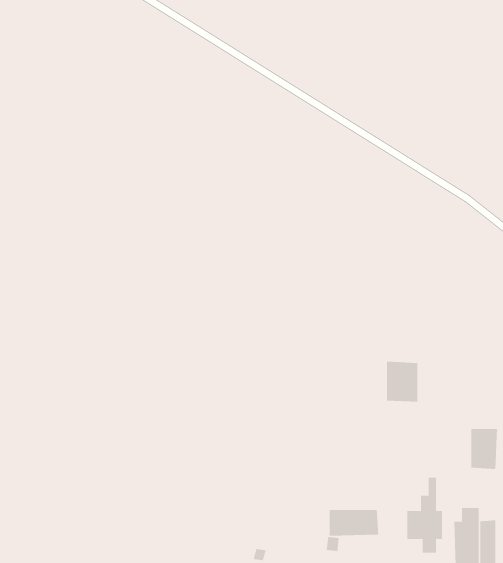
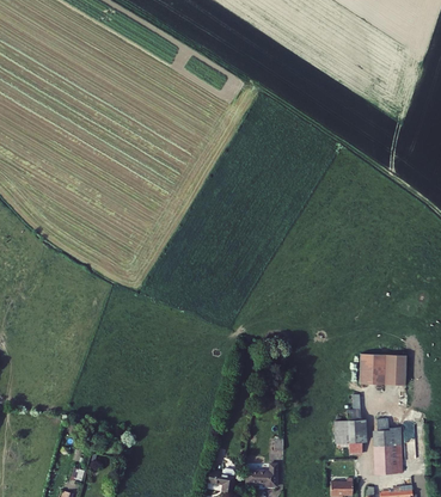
building: [386,361,418,402] -> [361,354,386,386]
building: [329,509,379,537] -> none

